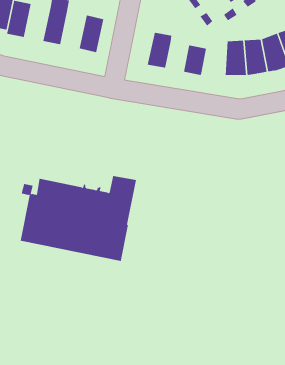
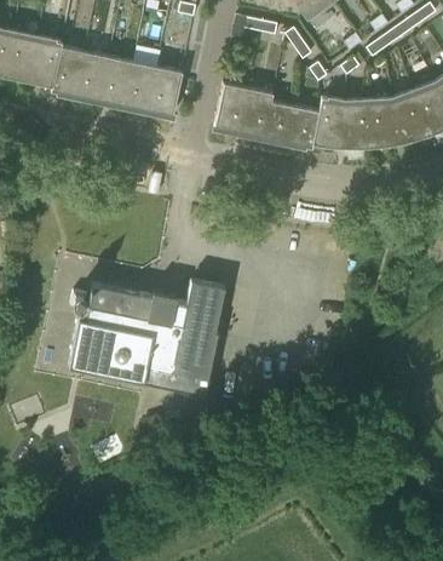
building: none -> [75,51,109,101]
building: none -> [123,61,157,110]
building: none -> [214,82,248,132]
building: none -> [312,96,345,147]
building: none -> [264,101,294,142]

